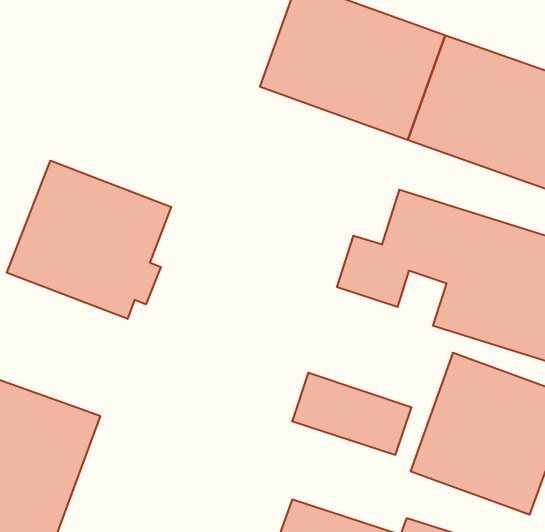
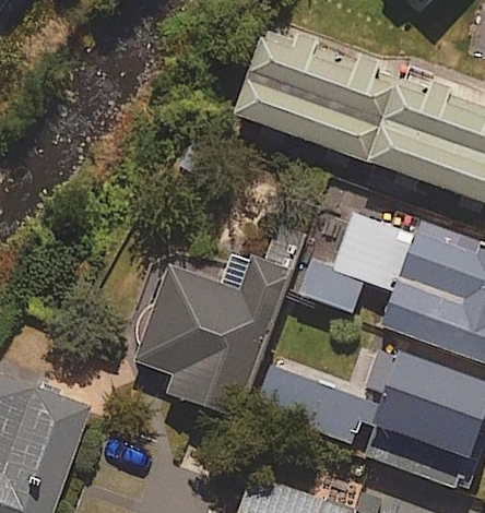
building: [7,161,171,319] -> none
building: none -> [137,220,306,417]

